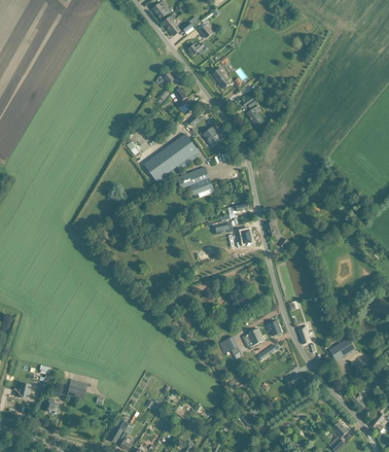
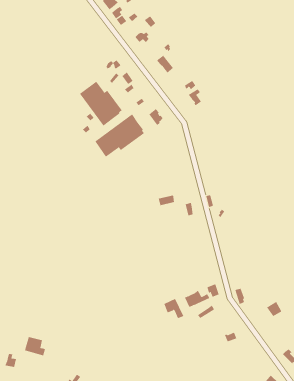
building: none -> [79,81,123,127]
building: [176,167,213,195] -> none

